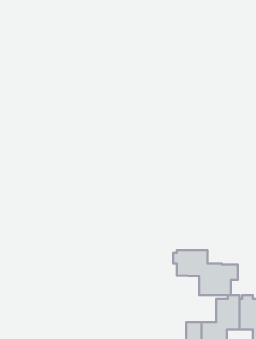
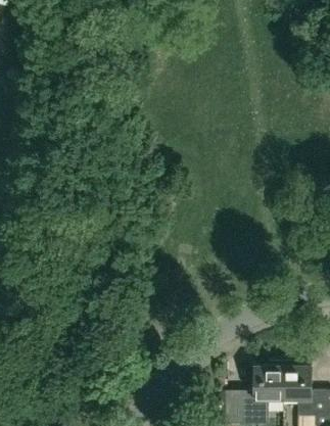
building: [173,250,238,295] -> none

